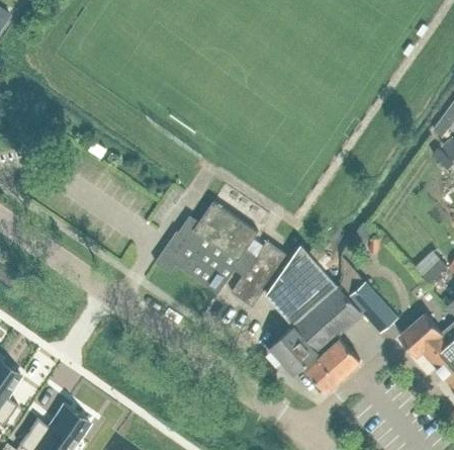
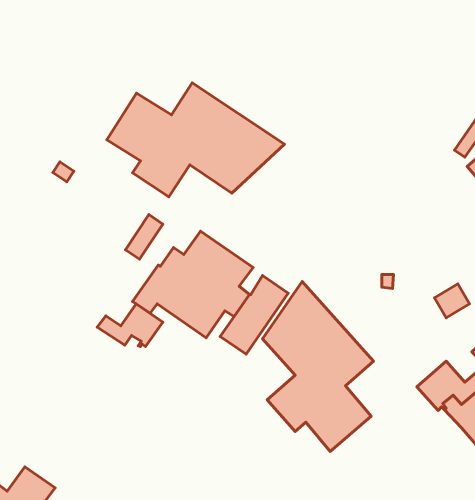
building: none -> [107,83,284,197]
building: none -> [97,304,163,347]
building: [349,282,399,335] -> none

